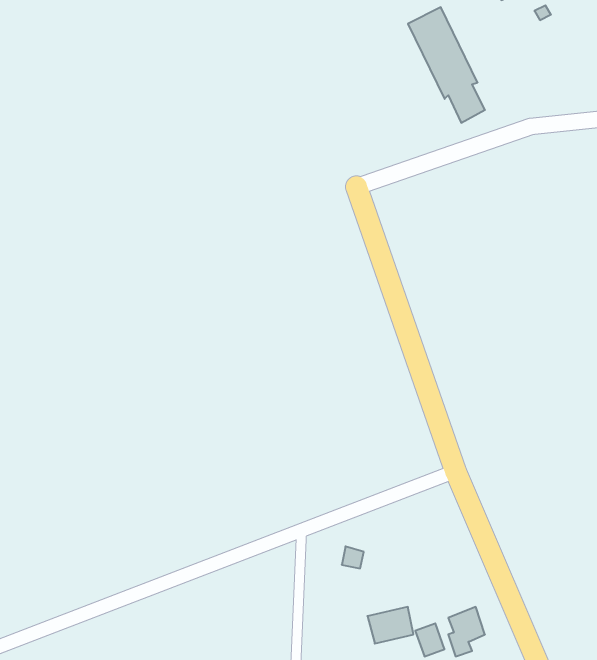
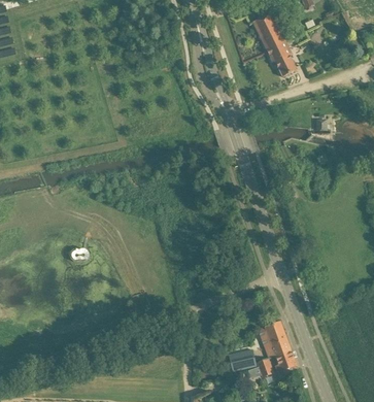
building: none -> [259,322,291,356]

